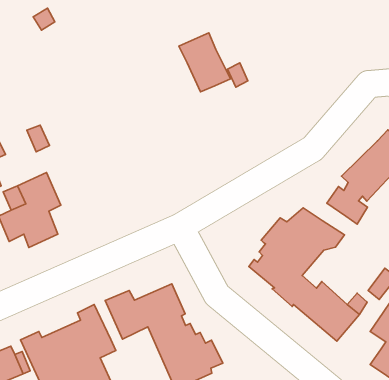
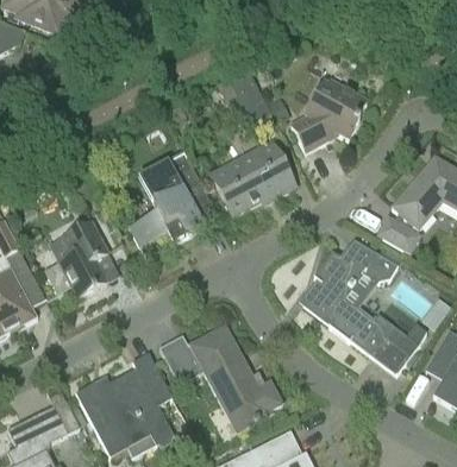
building: none -> [290,81,367,151]
building: none -> [208,140,295,216]
building: none -> [129,152,212,246]

